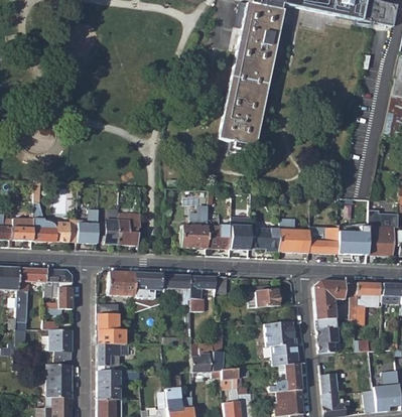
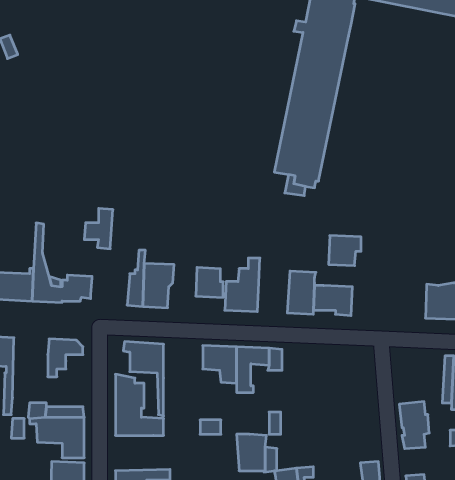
building: [78,211,100,242] -> [84,208,113,249]
building: [207,226,228,249] -> [196,267,223,297]
building: [314,228,338,253] -> none
building: [279,229,304,252] -> [329,236,361,266]
building: [17,268,45,314] -> none
building: [134,273,159,300] -> none
building: [313,280,349,319] -> none
building: [43,286,73,313] -> none
building: [251,286,278,307] -> none
building: [265,320,300,366] -> none
building: [97,343,126,366] -> none

